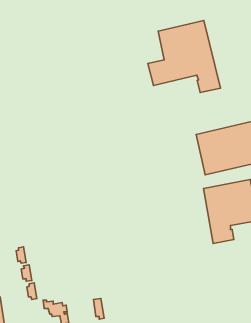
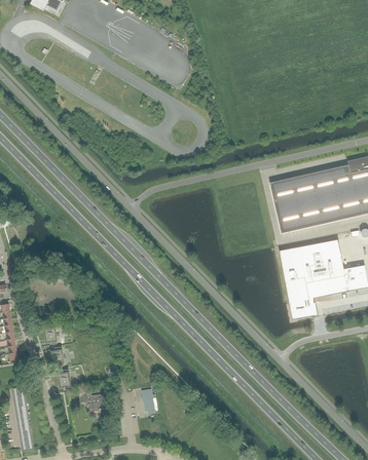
building: [148,21,220,93] -> none

